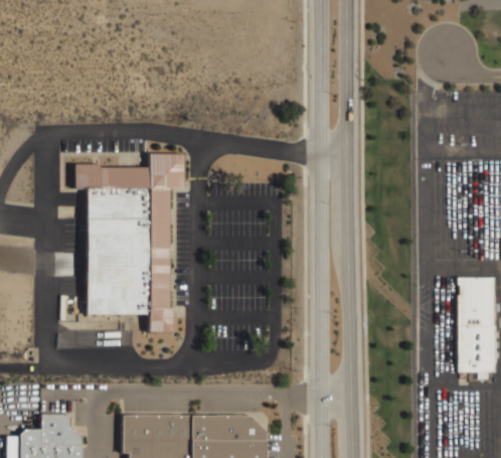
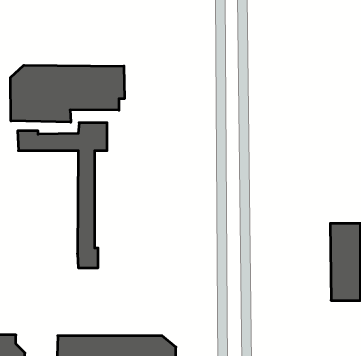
building: none -> [10,65,124,122]
building: [86,188,149,315] -> none

